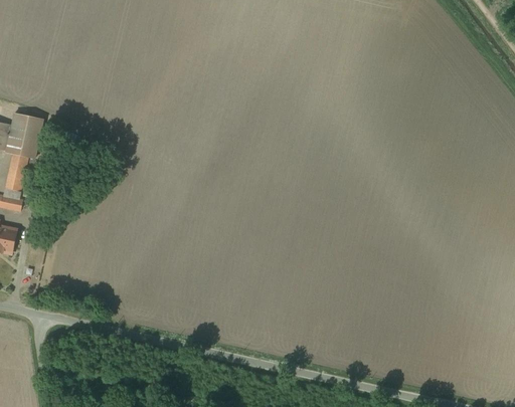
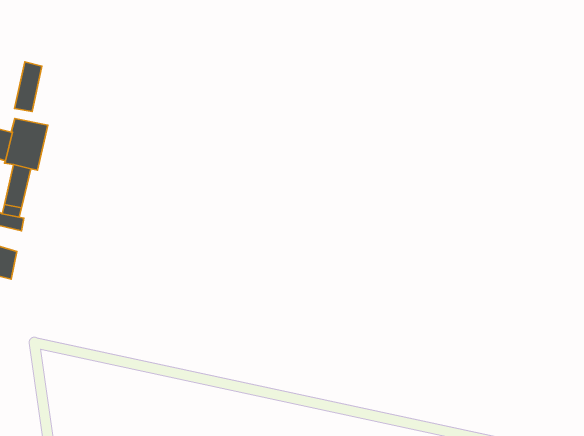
building: none -> [14,62,42,112]

